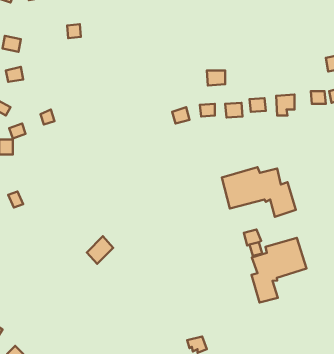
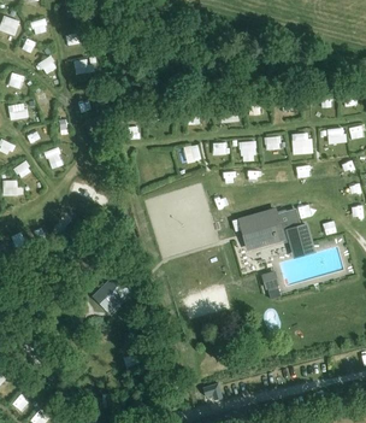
building: [251,238,307,302] -> none

